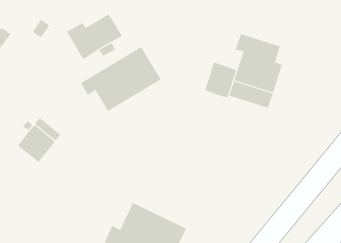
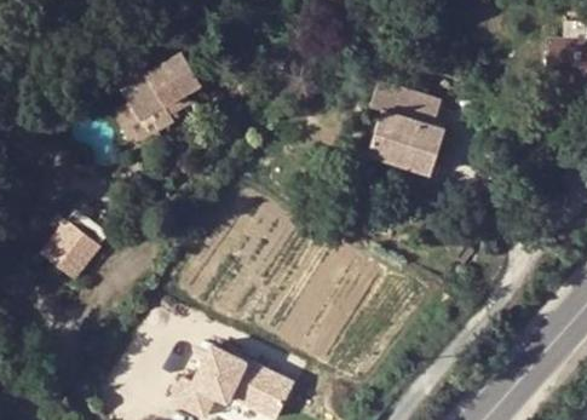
building: [80,46,162,112] -> none
building: [204,62,237,99] -> none

